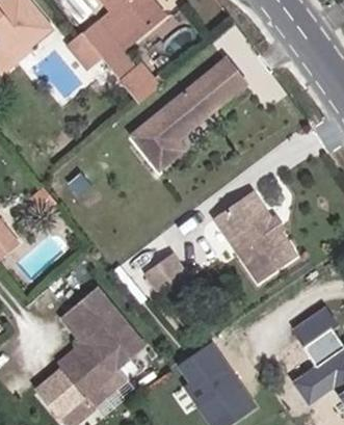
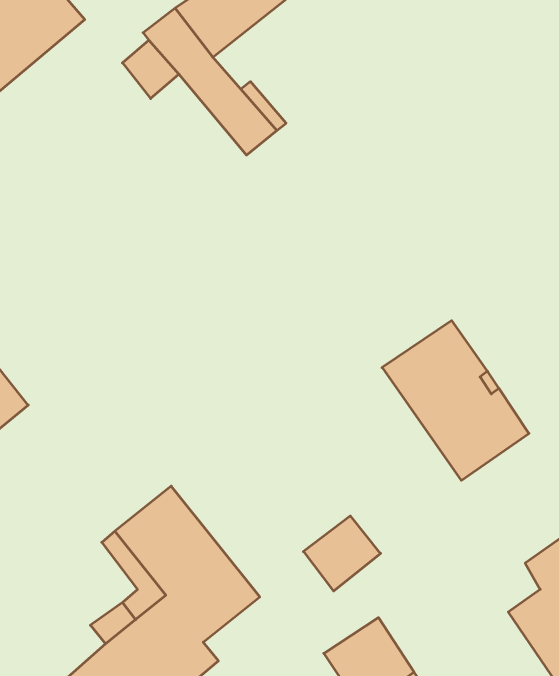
building: [131,55,247,166] -> none
building: [147,255,189,296] -> [303,516,381,591]

